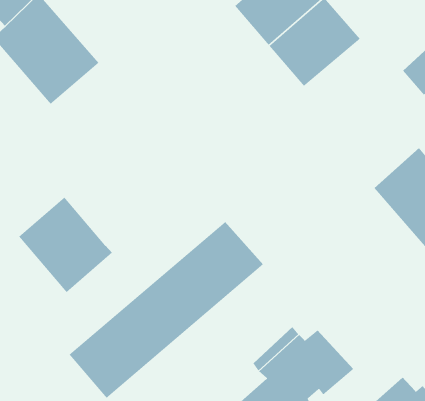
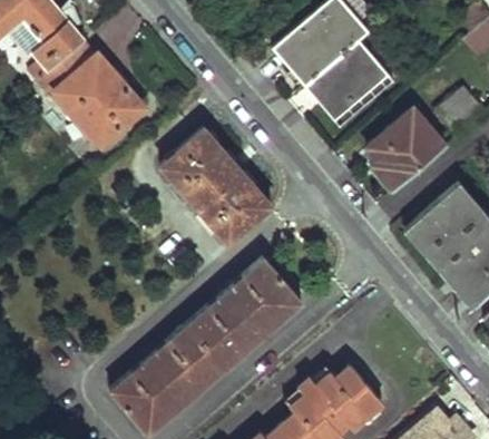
building: none -> [361,109,443,189]
building: none -> [162,128,271,242]
building: [18,197,113,293] -> none

